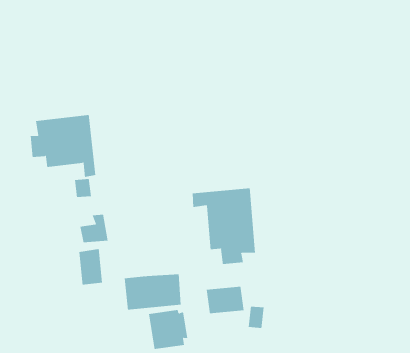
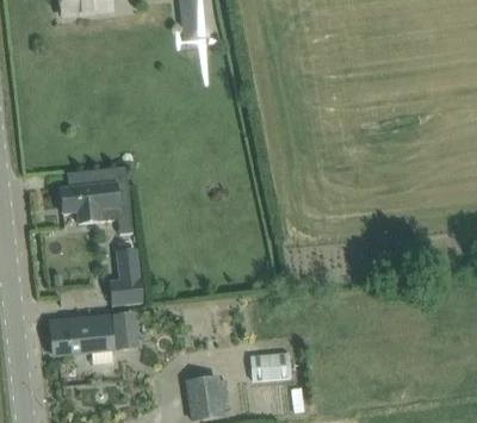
building: [192,187,256,265] -> none
building: [124,274,182,310] -> [49,316,111,355]

